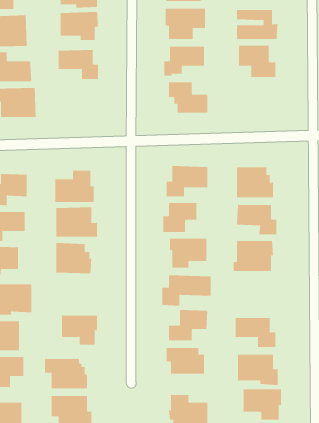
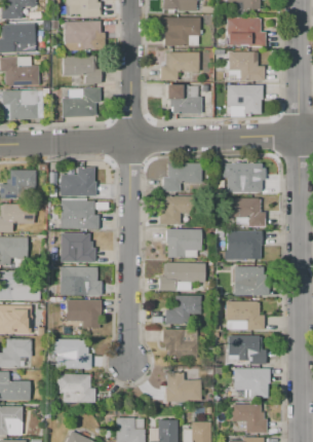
building: none -> [228,85,263,117]
building: none -> [63,88,101,117]
building: none -> [61,267,104,295]
building: none -> [235,267,270,295]

